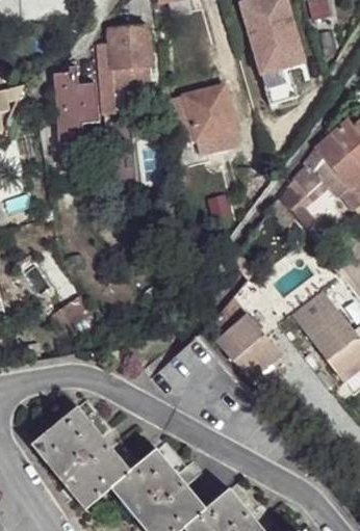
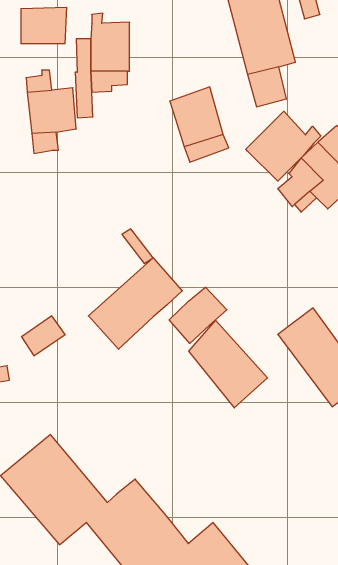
building: none -> [21,7,67,44]
building: none -> [246,111,321,181]
building: none -> [88,258,182,349]
building: none -> [169,287,227,343]

